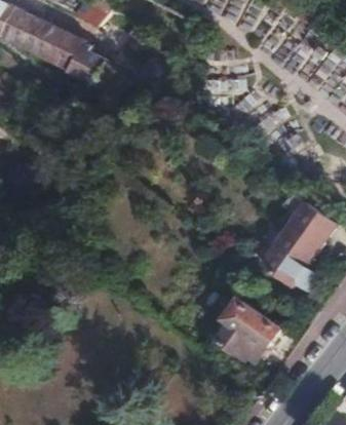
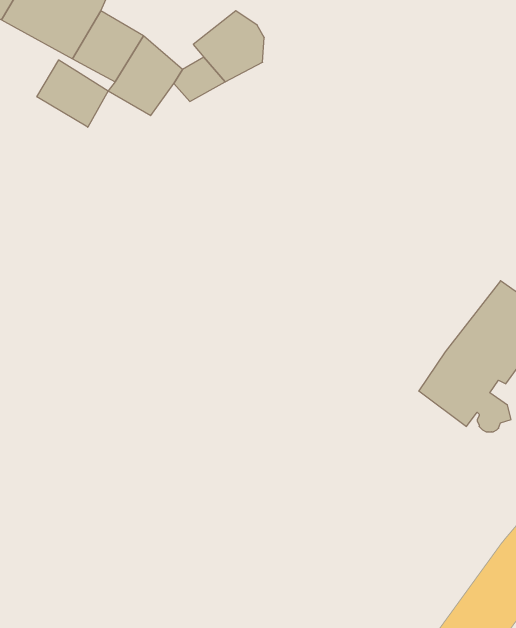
building: none -> [37,60,108,127]
building: [212,297,281,360] -> none

